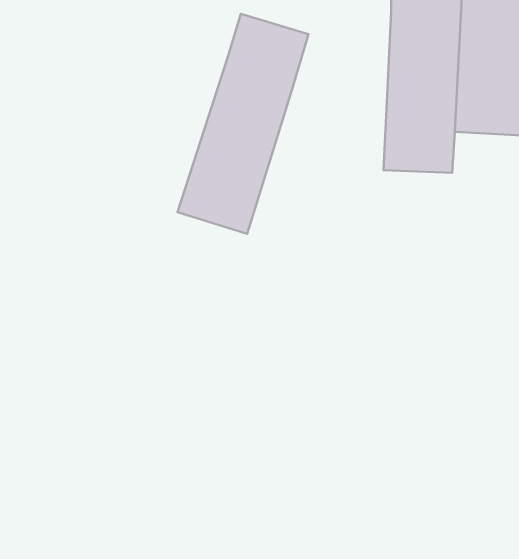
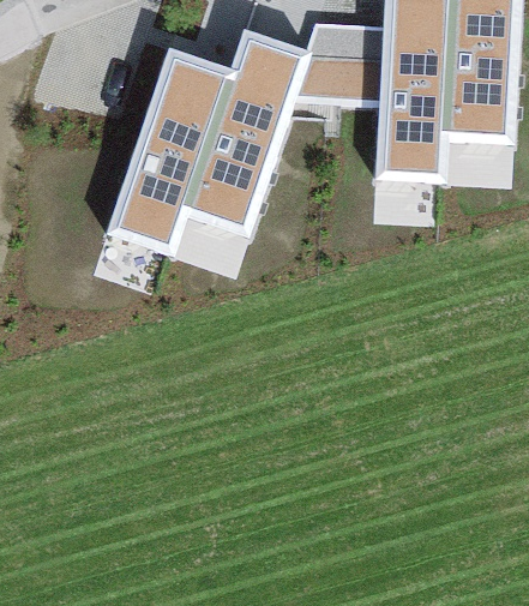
building: none -> [293,25,386,107]
building: none -> [109,49,233,254]

